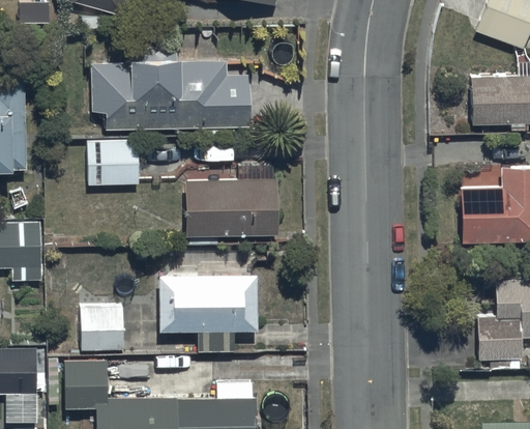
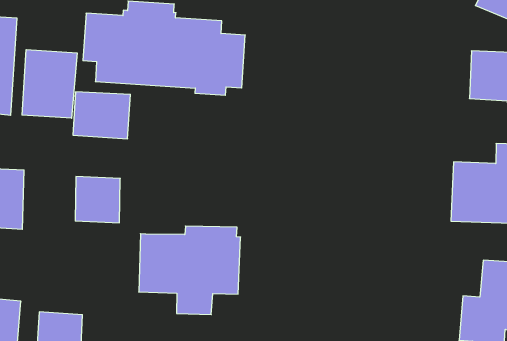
building: none -> [22,50,77,118]
building: [184,165,277,235] -> none
building: [80,306,125,350] -> [75,177,120,223]

